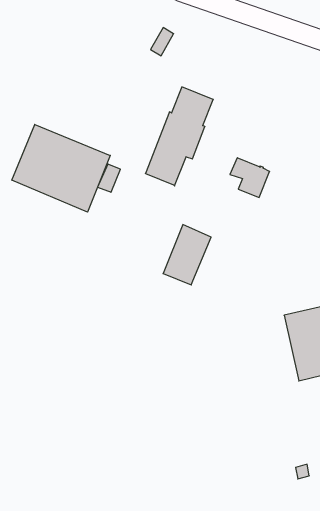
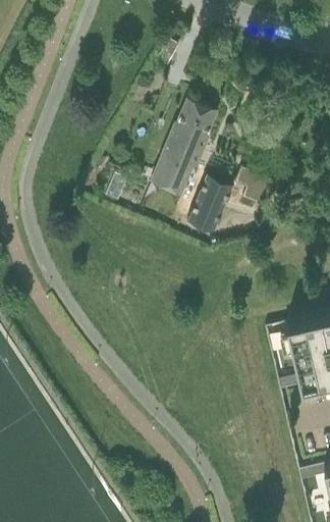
building: [12,124,110,212] -> none
building: [163,225,211,285] -> [186,173,233,232]

